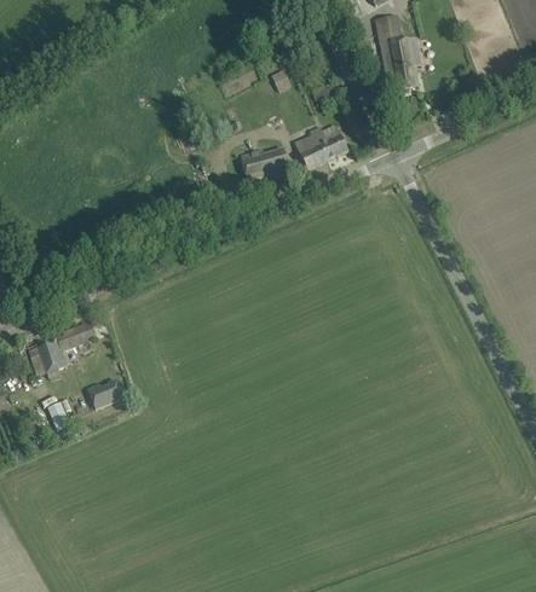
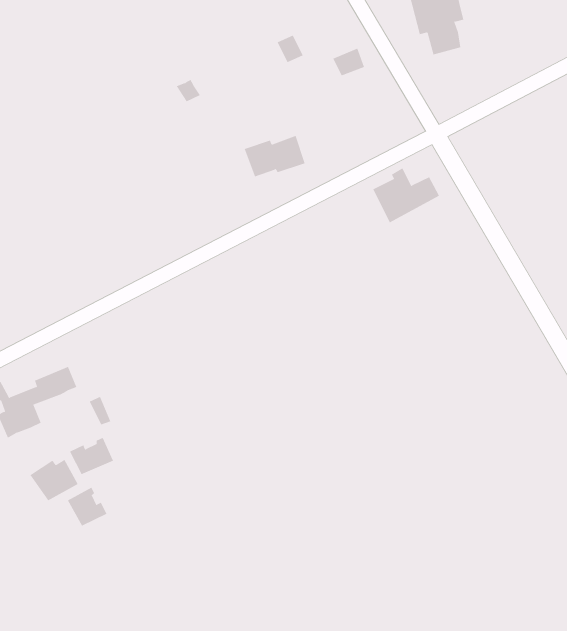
building: [294,126,347,169] -> [372,168,440,223]
building: none -> [67,487,107,527]

